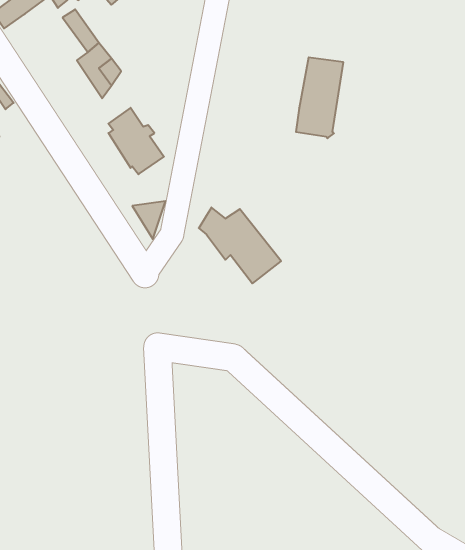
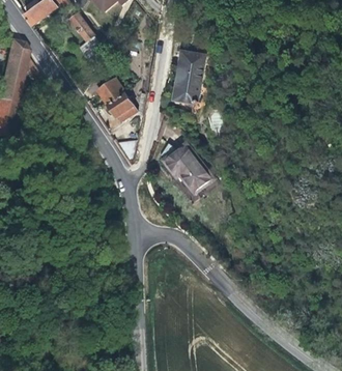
building: [296,57,343,138] -> [174,51,205,104]

